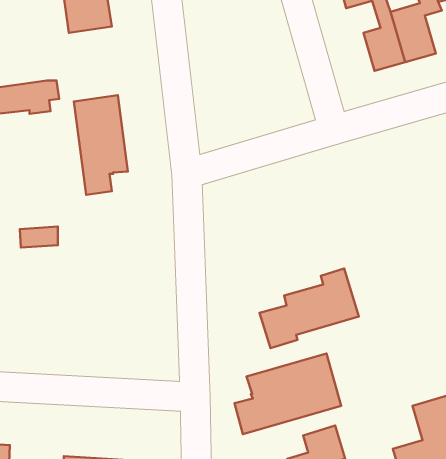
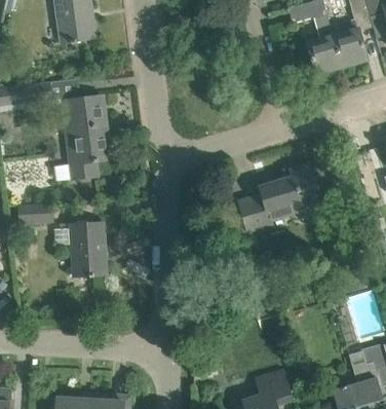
building: none -> [71,221,106,275]
building: [259,269,359,348] -> [239,163,322,230]
building: [235,353,341,434] -> none

